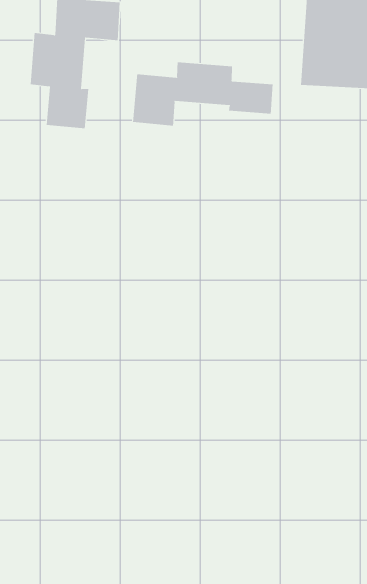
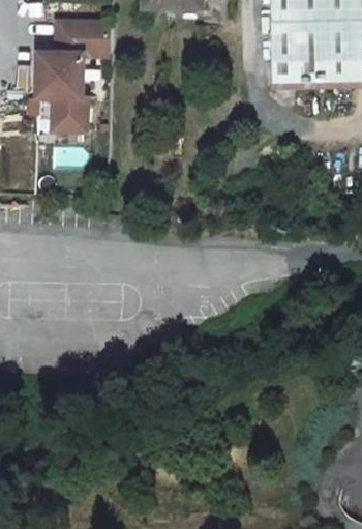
building: [132,61,273,127] -> none

